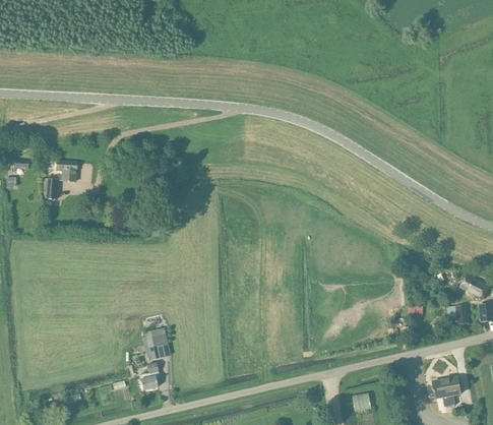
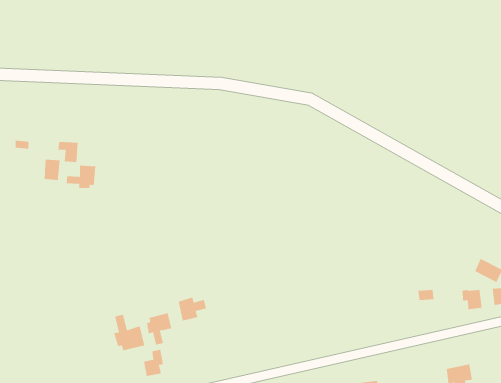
building: none -> [66,165,96,189]
building: none -> [178,297,207,321]
building: none -> [113,314,145,351]

